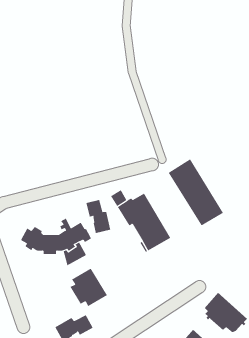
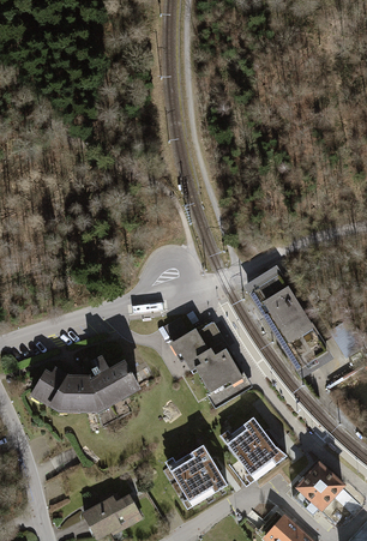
building: [86,199,111,234] -> none
building: none -> [227,415,285,474]
building: [69,268,108,307] -> [170,444,225,500]

